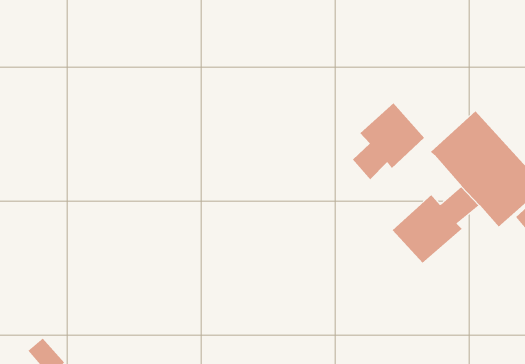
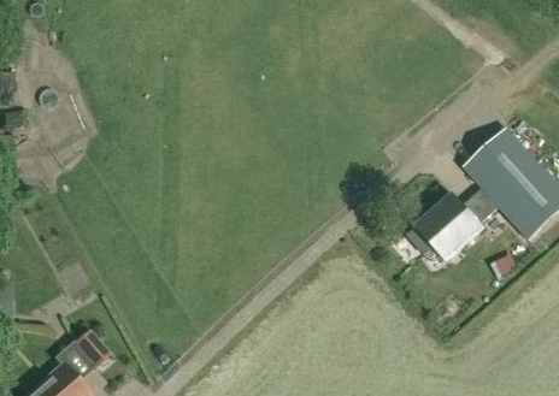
building: [352,103,425,180] -> none

